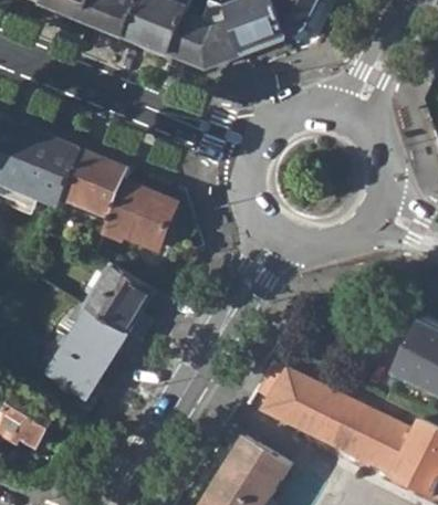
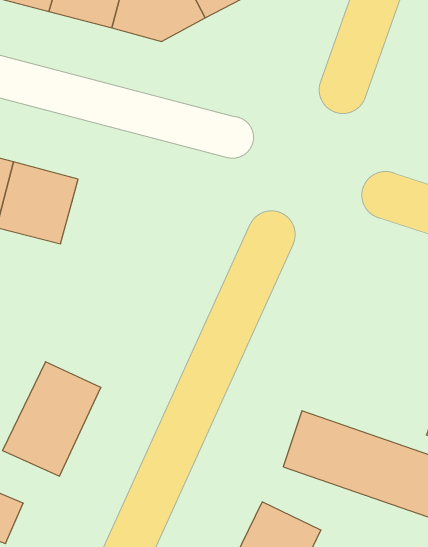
building: [103,185,174,248] -> none
building: [85,264,153,333] -> none

